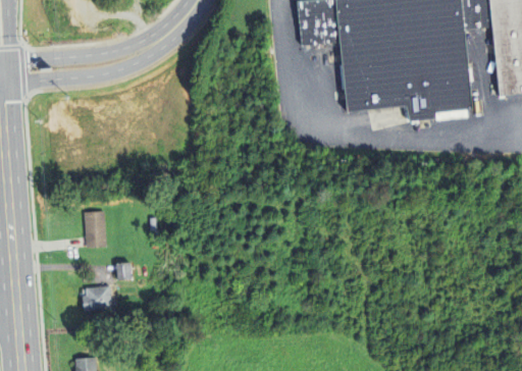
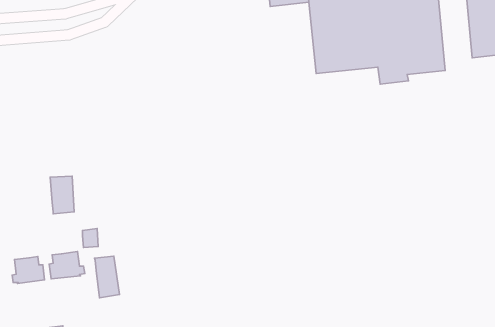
building: none -> [95,256,119,298]
building: none -> [12,257,44,284]

